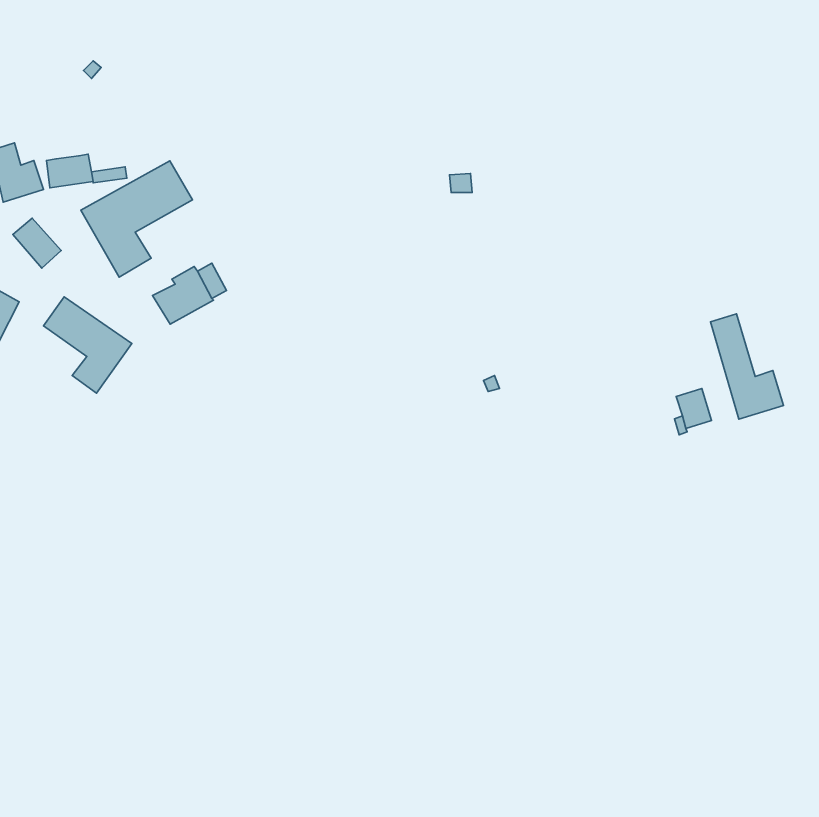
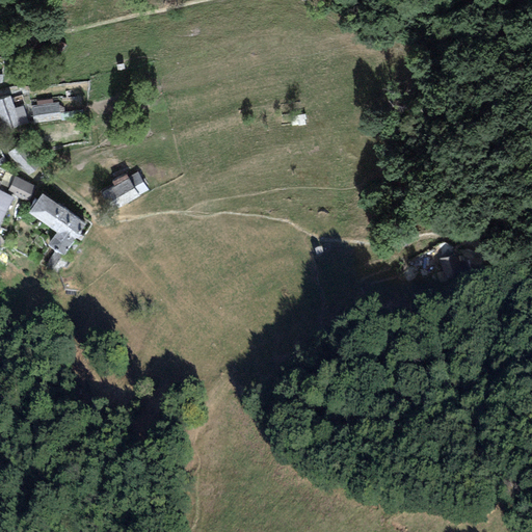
building: [81,161,193,277] -> none
building: none -> [6,174,35,200]
building: [710,314,784,419] -> none

